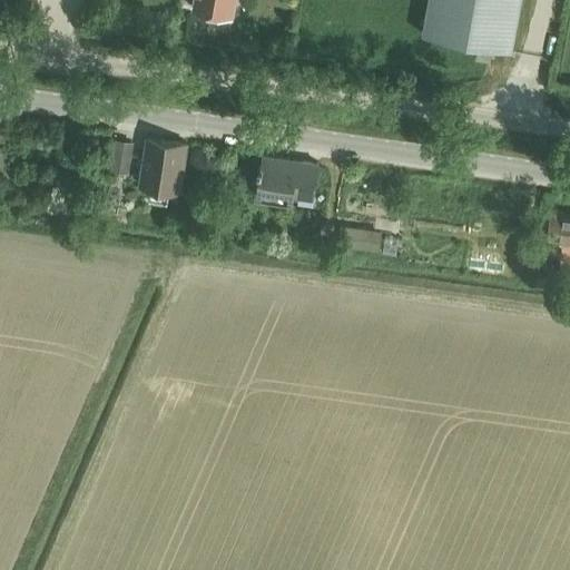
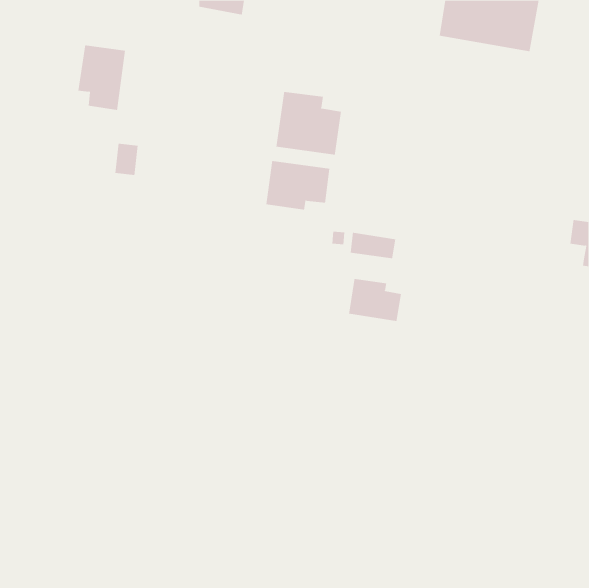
building: none -> [276,91,341,155]
building: [141,138,188,202] -> [77,45,126,111]
building: none -> [348,278,402,322]

